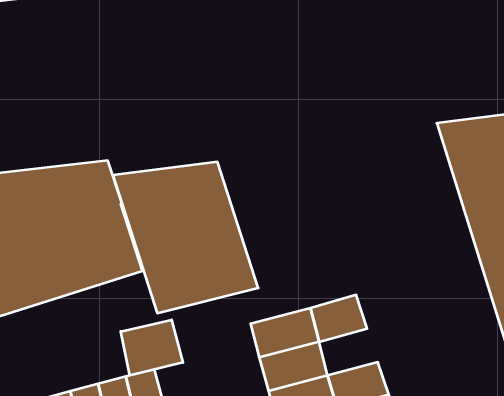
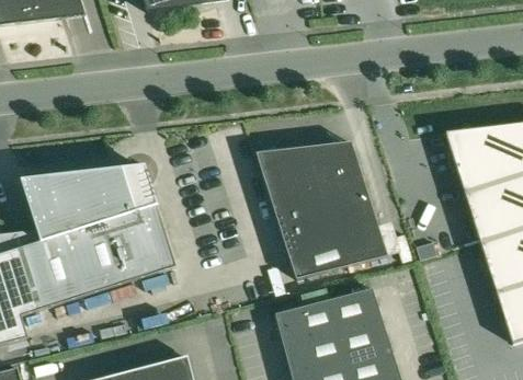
building: [113,162,258,313] -> [255,140,388,278]
building: [121,320,183,375] -> none
building: none -> [338,318,391,360]

